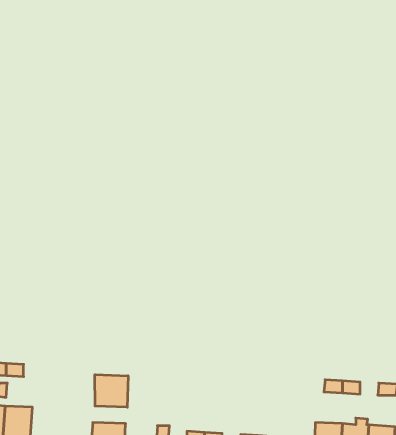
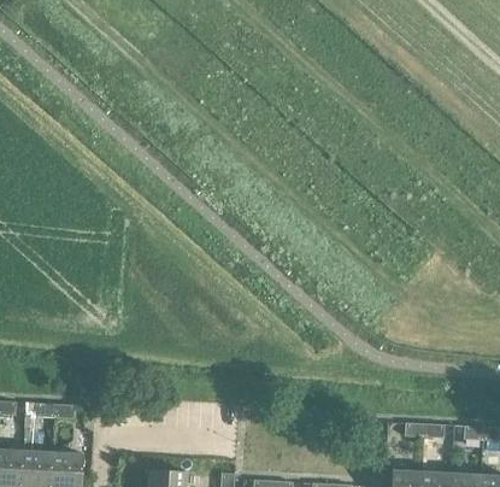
building: [95,375,128,407] -> none

